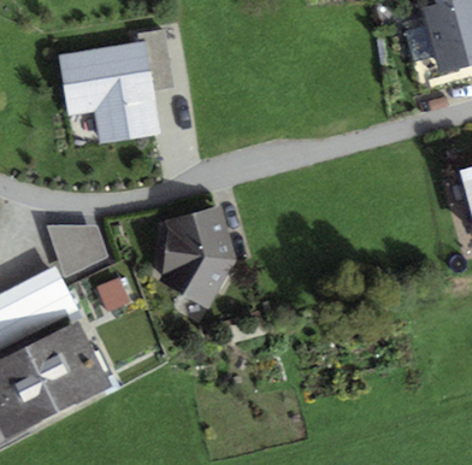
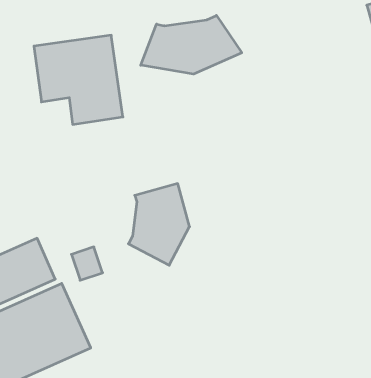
building: none -> [141,15,242,74]
building: [45,223,104,273] -> none

